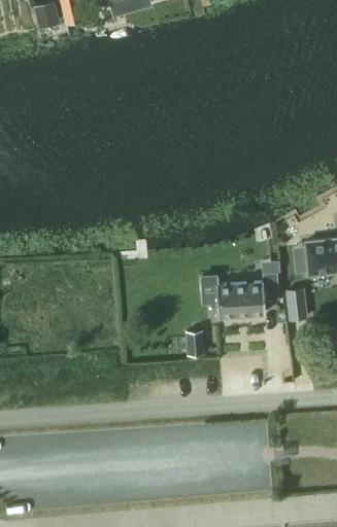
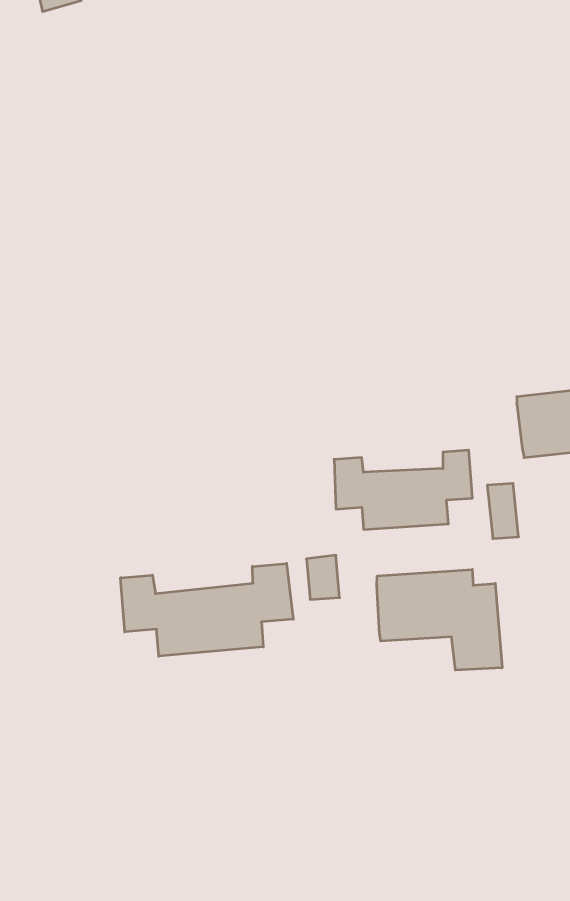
building: none -> [121,563,293,656]
building: none -> [377,569,502,670]

